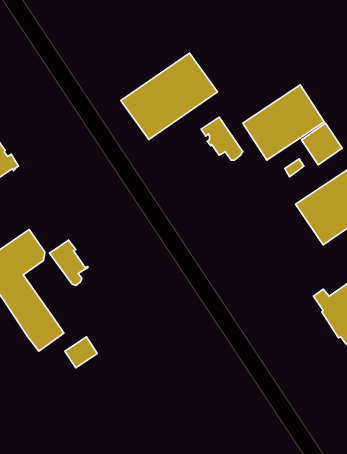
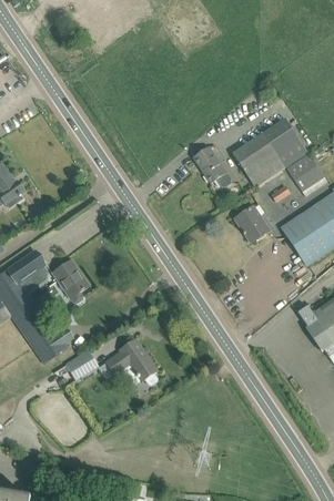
building: [121,53,217,139] -> none
building: none -> [235,205,267,242]
building: none -> [107,338,158,384]

